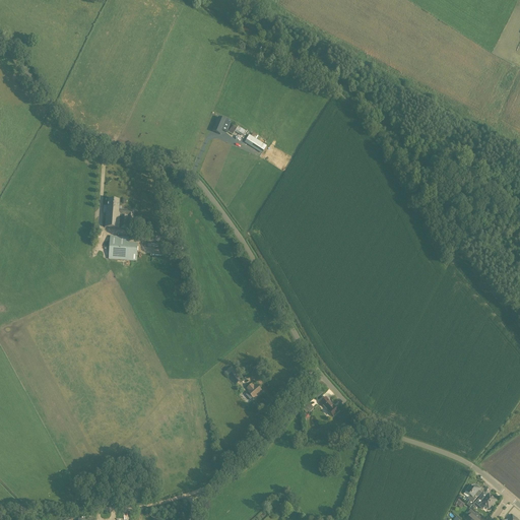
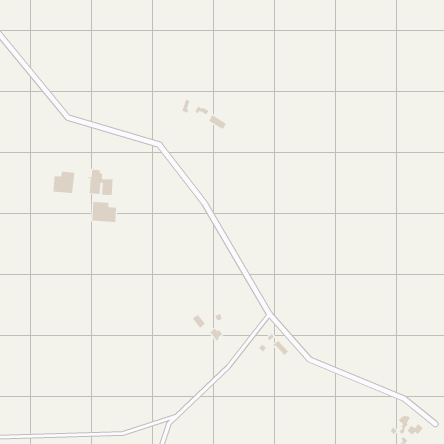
building: none -> [53,171,75,194]

